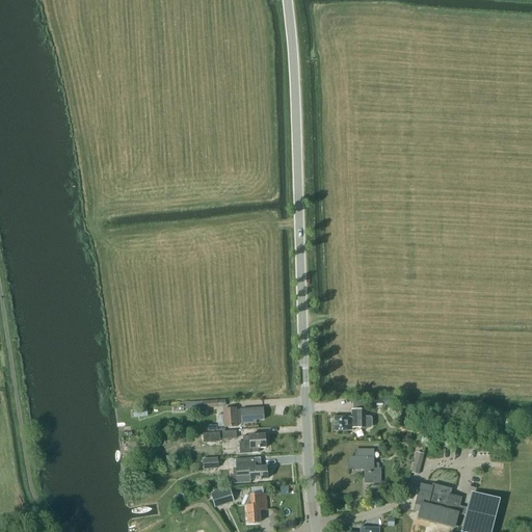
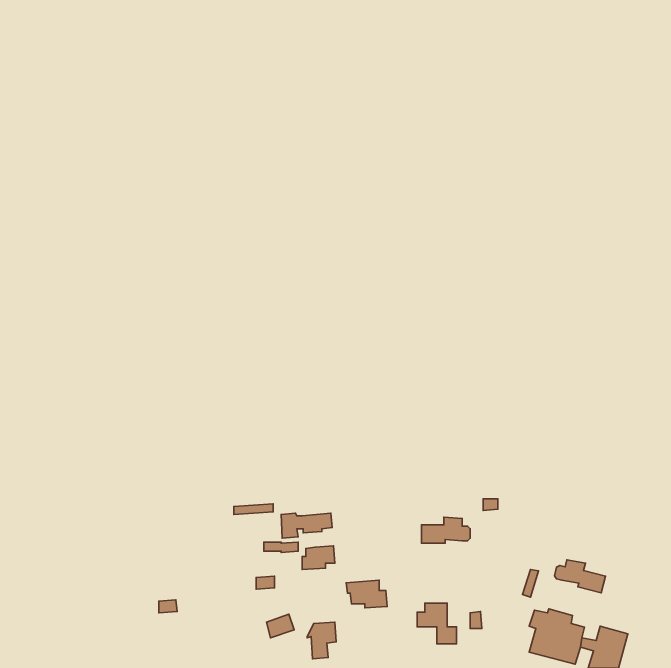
building: none -> [555,560,606,593]
building: [350,450,381,482] -> [417,603,456,644]
building: [235,456,267,478] -> [346,580,387,608]

